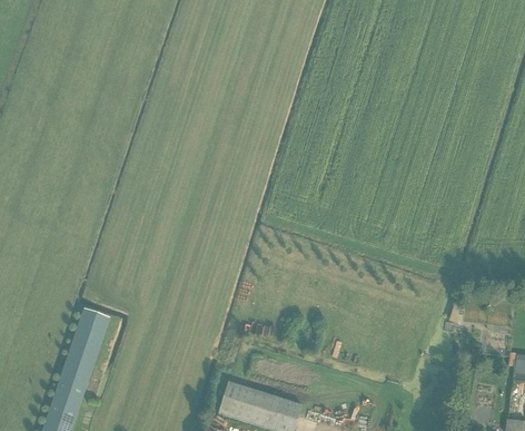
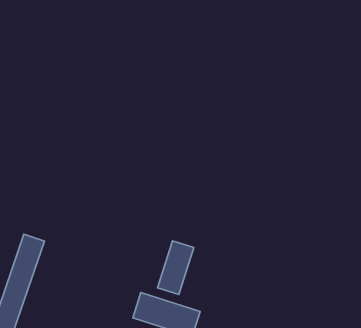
building: none -> [158,241,194,294]

